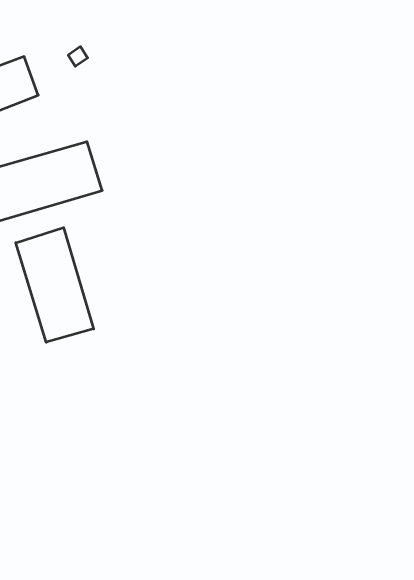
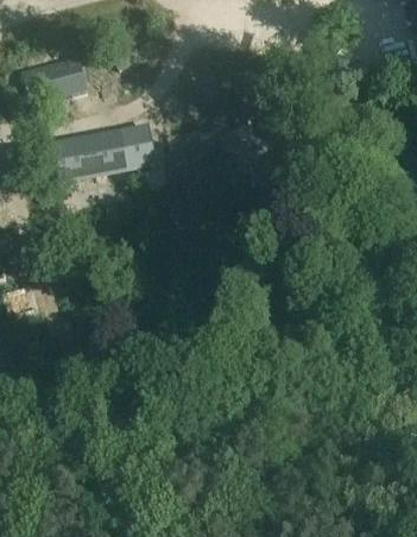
building: [16,228,94,342] -> none

